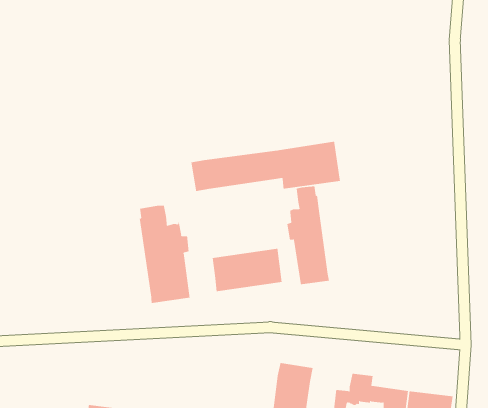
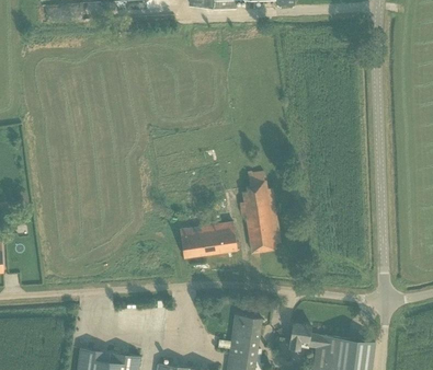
building: [191,141,340,192] -> none
building: [139,205,190,304] -> none

